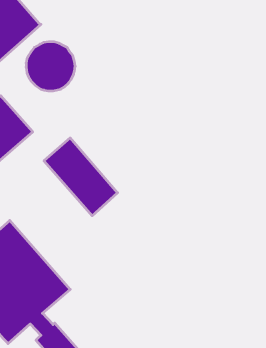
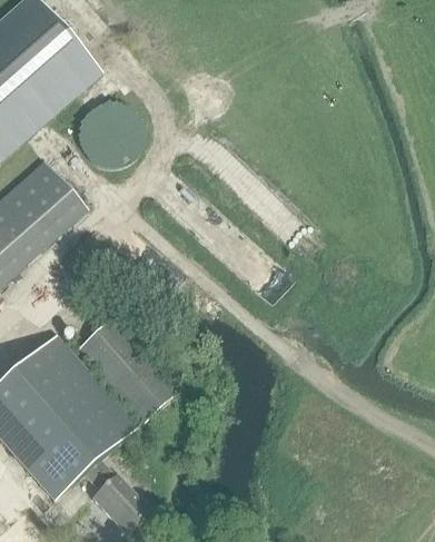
building: [44,138,118,216] -> [76,315,176,421]

